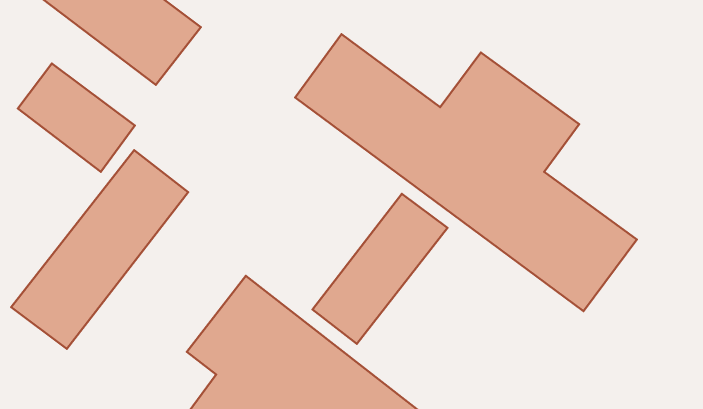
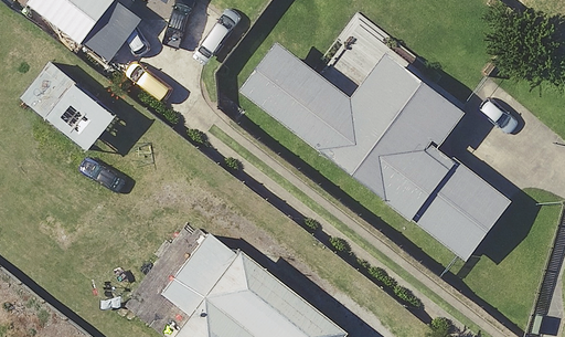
building: [11,150,188,349] -> none
building: [312,194,447,344] -> none

